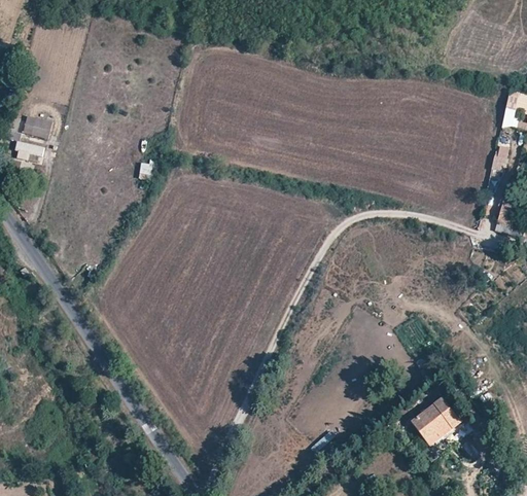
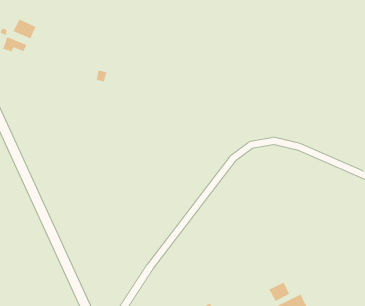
building: none -> [268,281,290,302]

